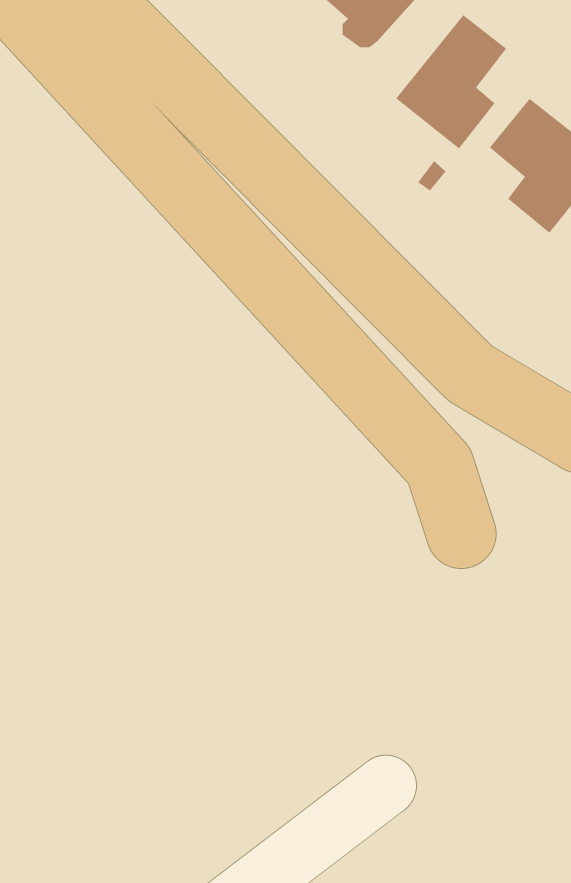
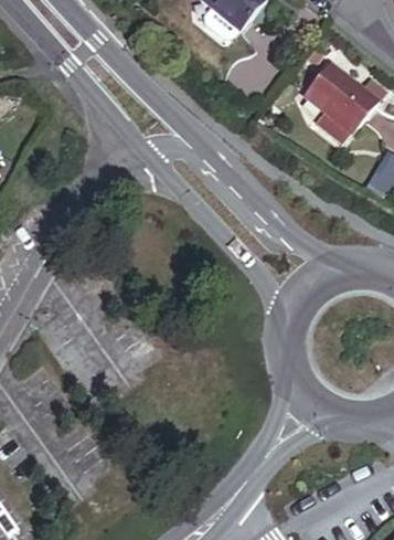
building: [395,14,507,150] -> none

